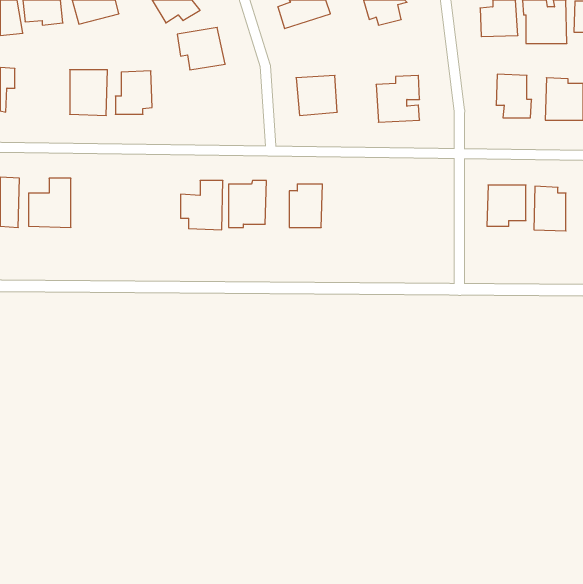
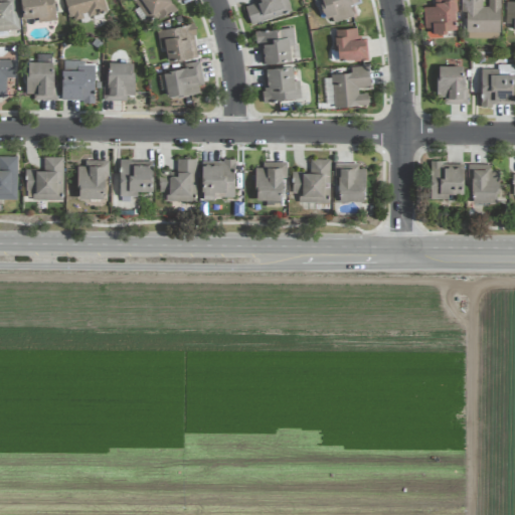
building: none -> [256,27,300,64]
building: none -> [334,28,367,61]
building: none -> [27,61,55,101]
building: none -> [164,65,203,98]
building: none -> [292,159,330,203]
building: none -> [120,161,153,196]
building: none -> [78,162,106,199]
building: none -> [336,163,366,201]

